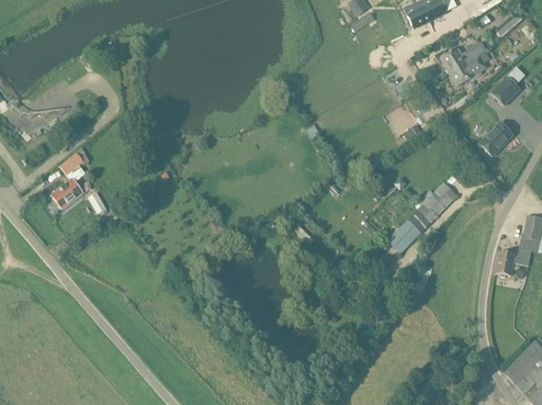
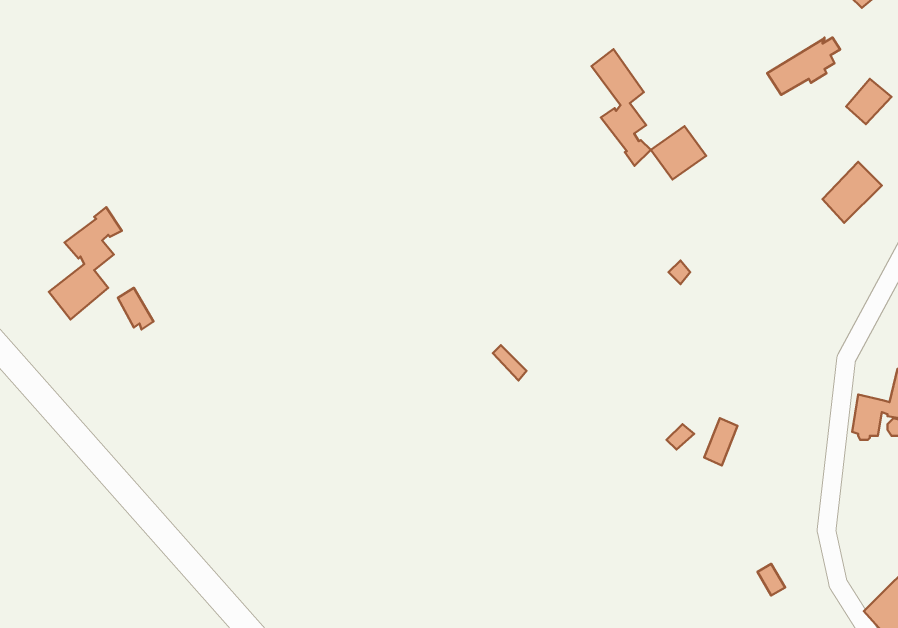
building: [434,42,485,72] -> none
building: none -> [591,49,651,166]
building: [386,181,456,254] -> none

